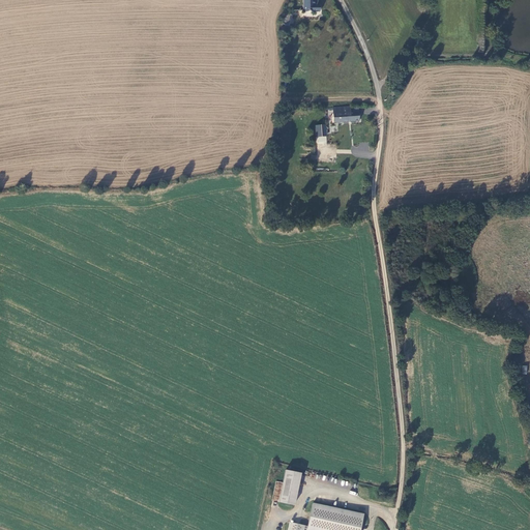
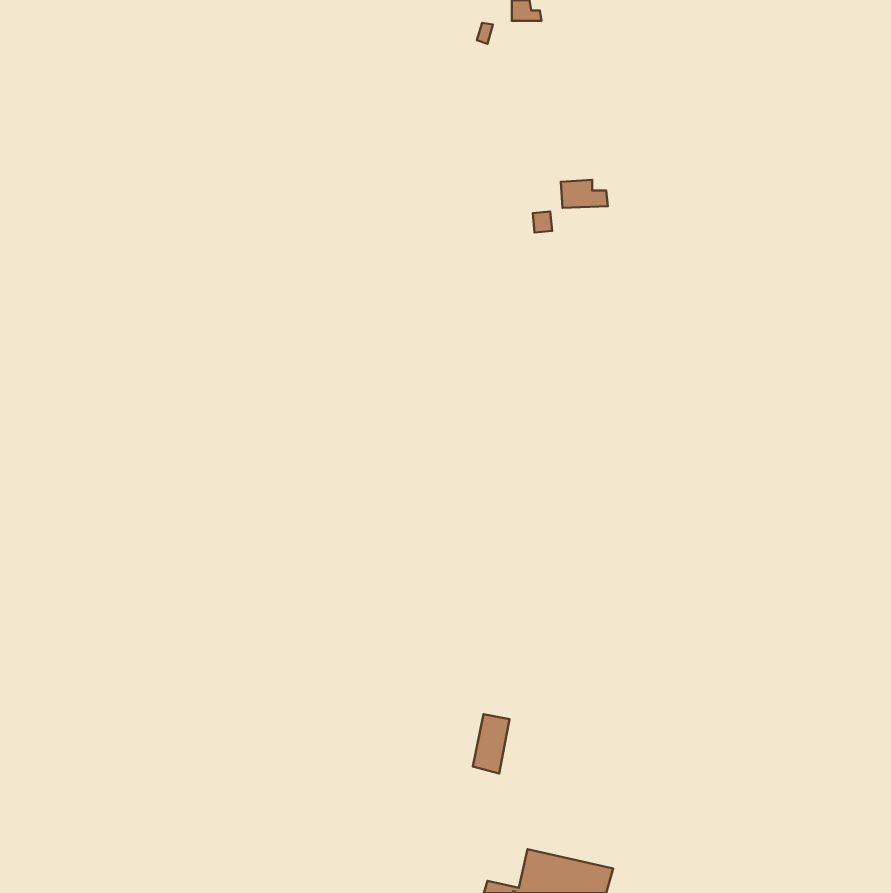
building: [279,470,301,505] -> [473,714,510,773]

